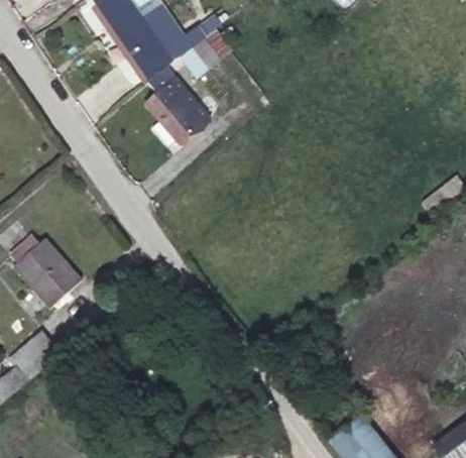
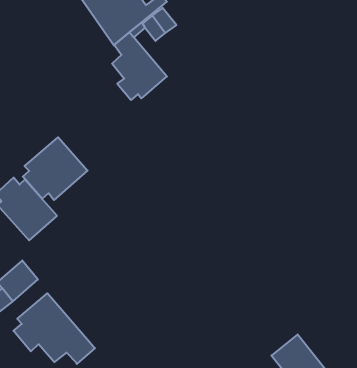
building: none -> [23,137,88,200]
building: none -> [13,293,95,364]

